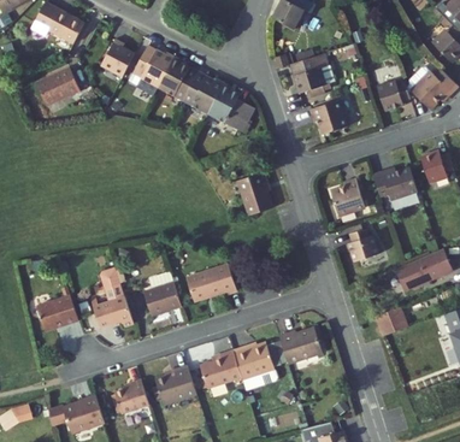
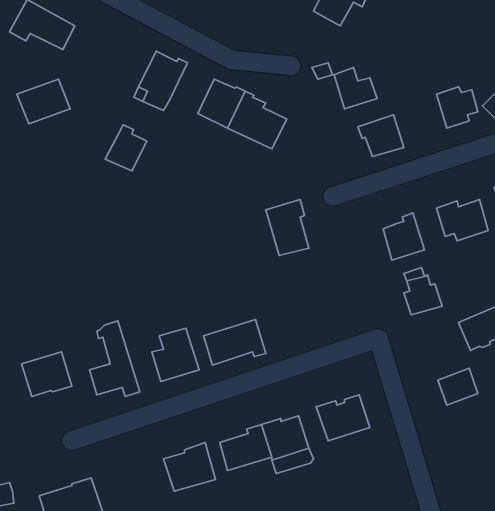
building: [99,42,132,79] -> [105,125,147,171]
building: [158,58,194,99] -> none
building: [113,381,148,414] -> none

